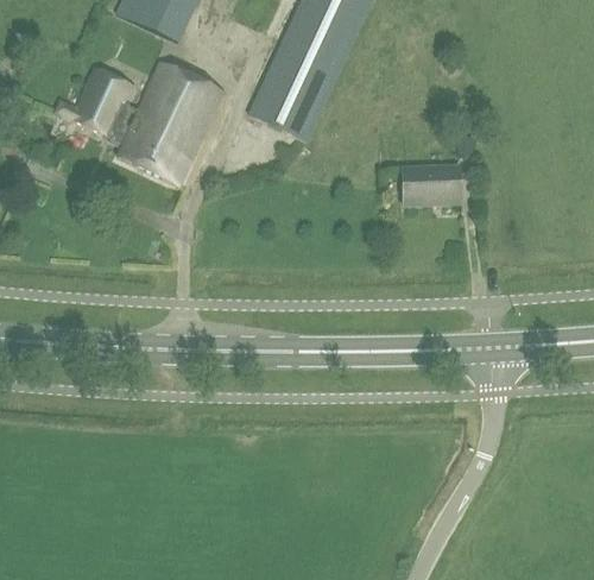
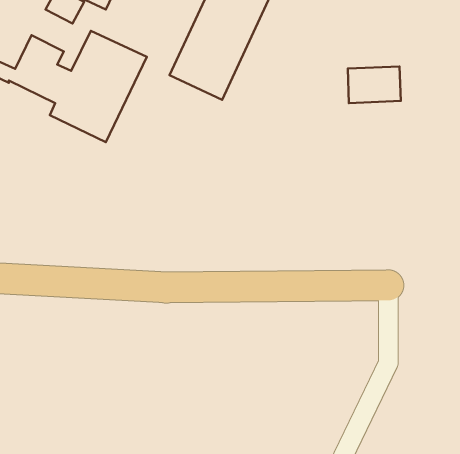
building: [403,160,461,201] -> [348,66,401,103]

